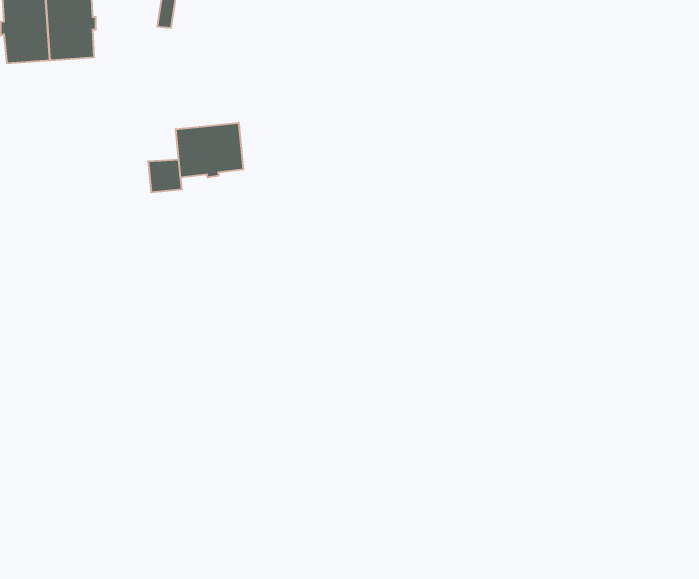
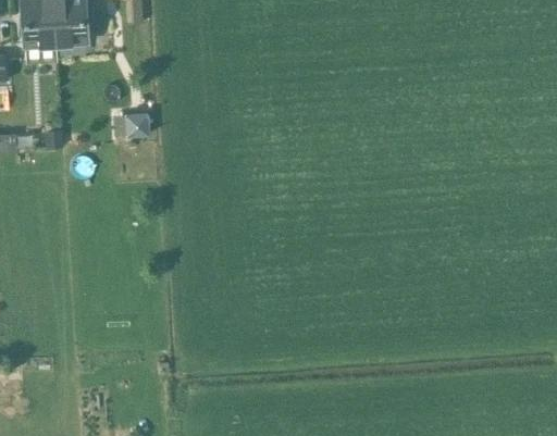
building: [176,123,243,178] -> none

